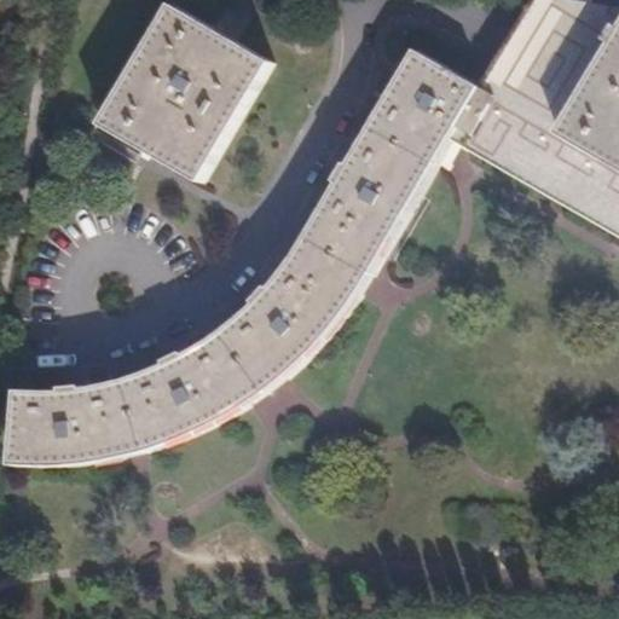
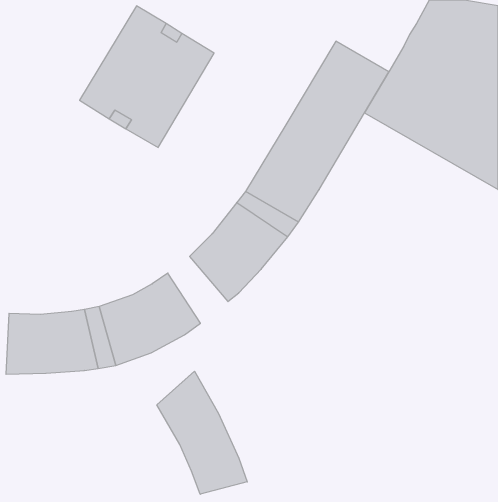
building: [207,316,280,398] -> none
building: none -> [157,371,247,494]

